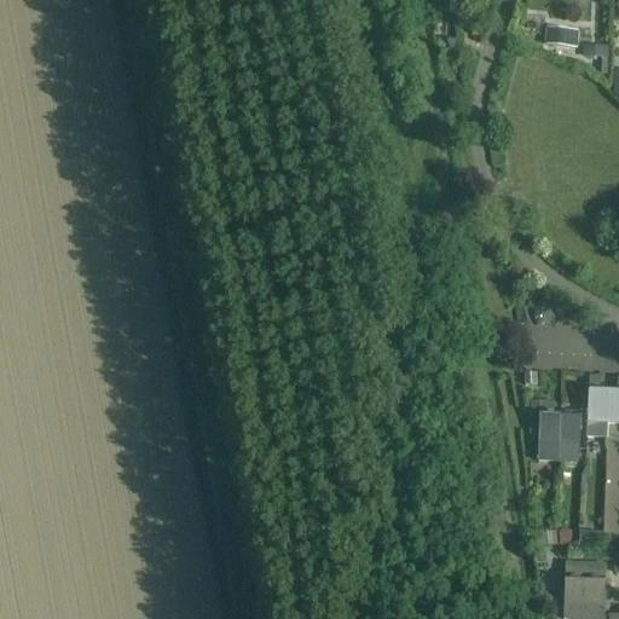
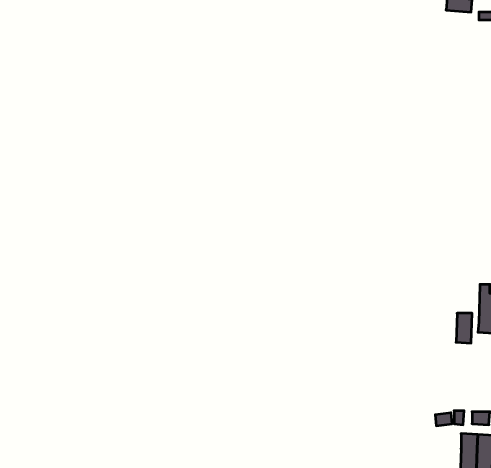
building: [538,401,561,462] -> none

